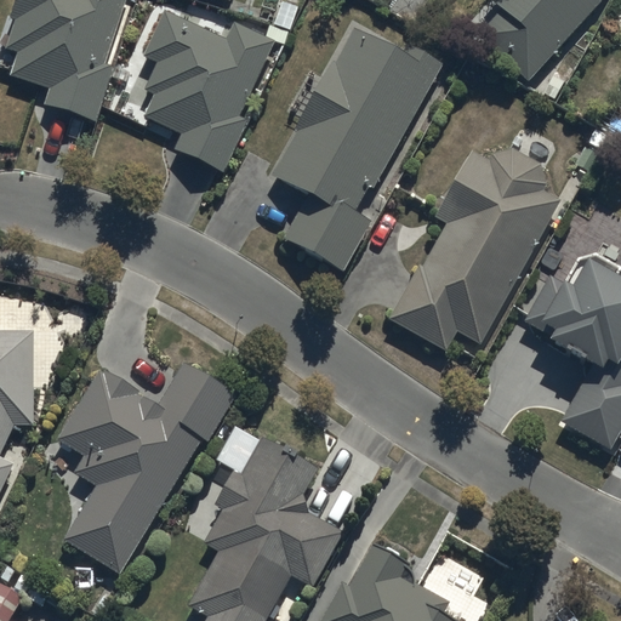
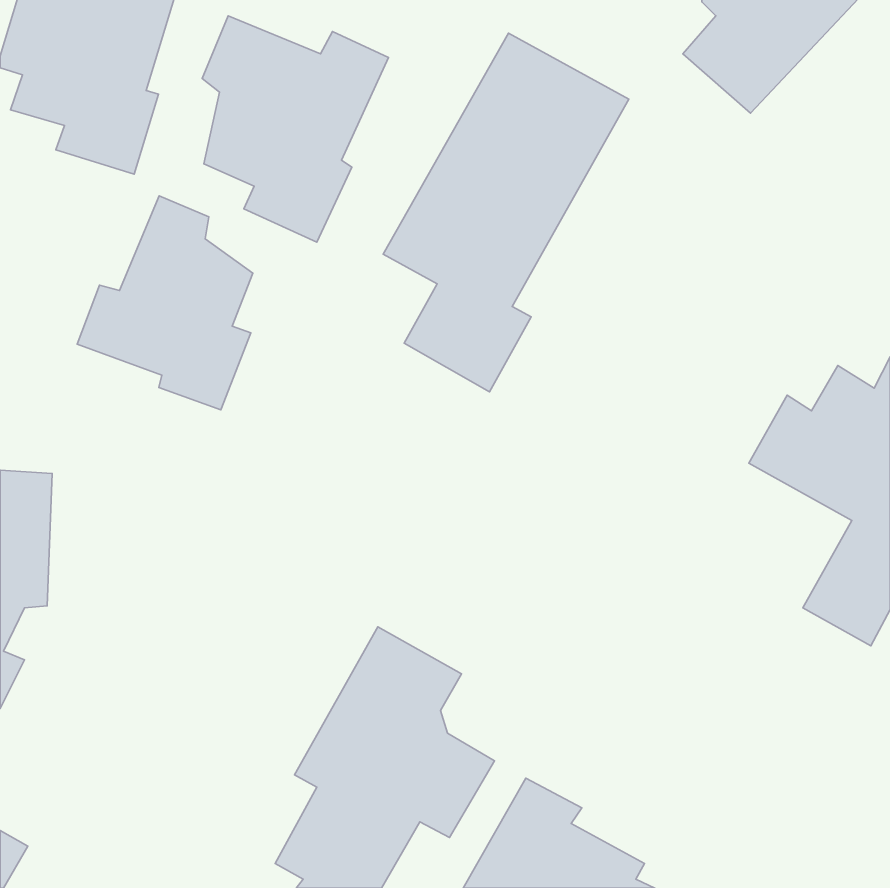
building: none -> [77,196,253,410]
building: [391,146,558,349] -> none
building: [57,359,237,572] -> none

